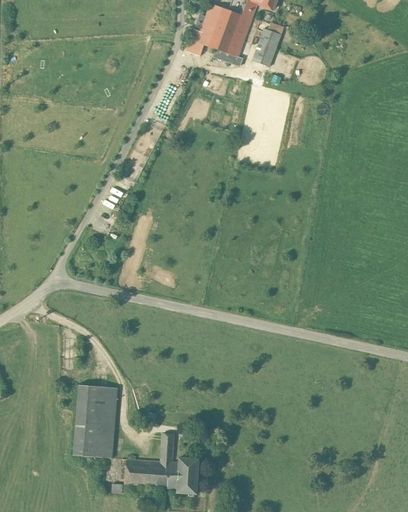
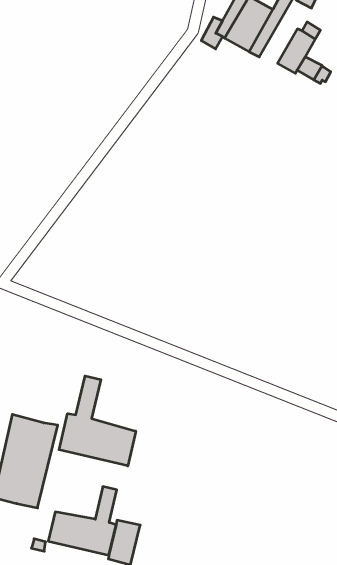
building: none -> [59,376,136,466]

